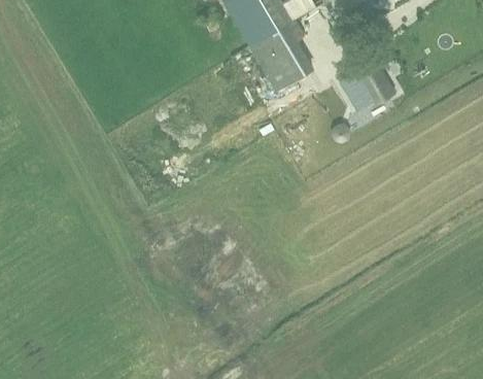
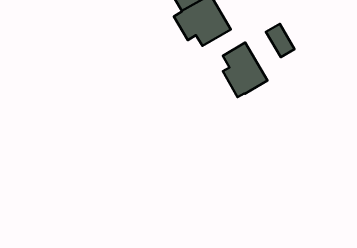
building: none -> [223,42,267,97]

